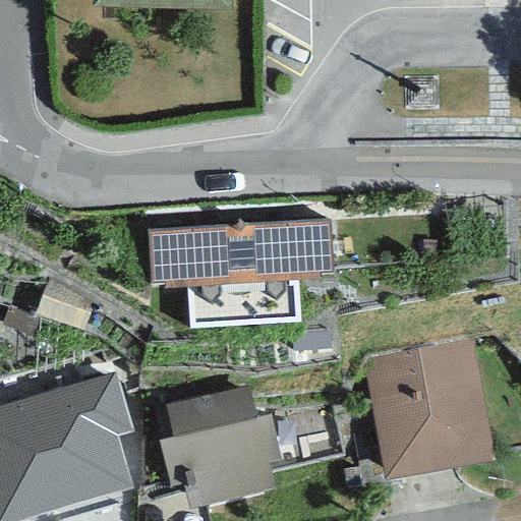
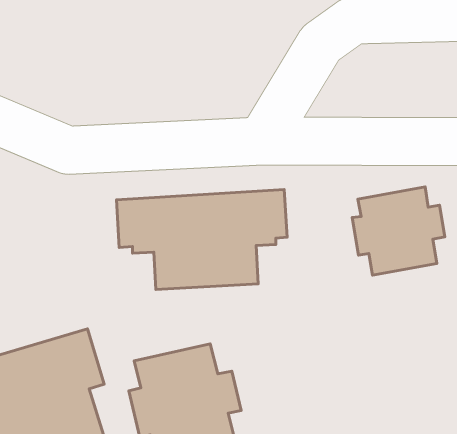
building: none -> [352,187,445,275]
building: [362,337,493,479] -> none

